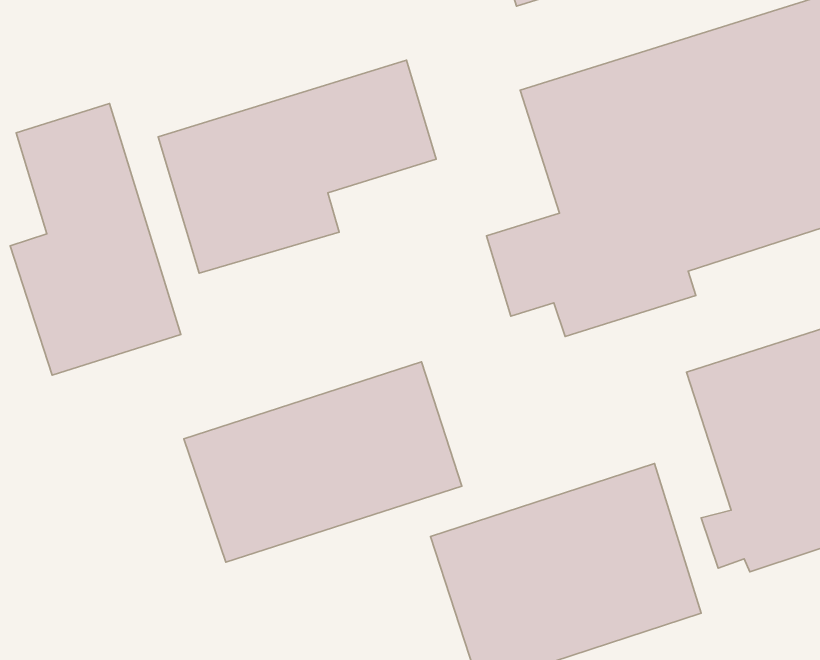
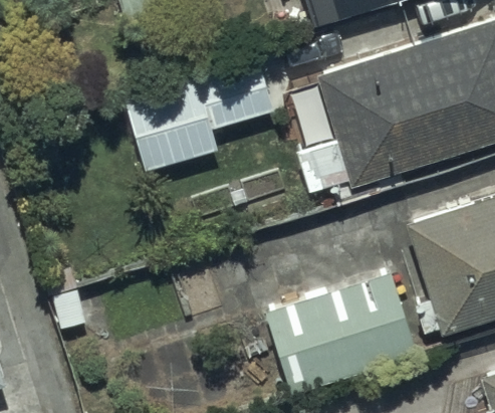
building: [10,103,181,375] -> none
building: [184,362,462,562] -> none

